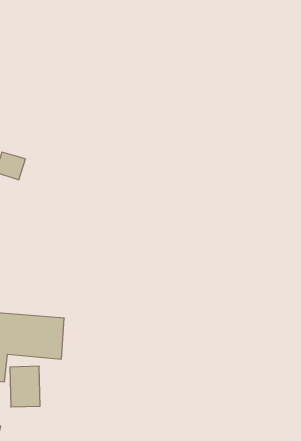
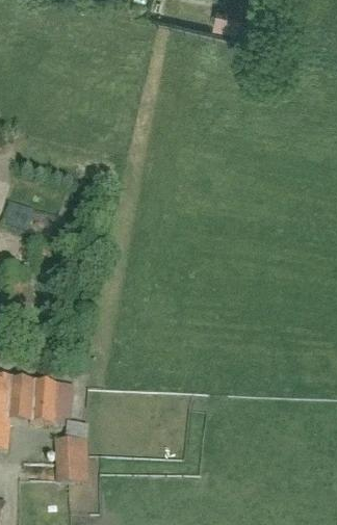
building: [10,366,40,407] -> [54,436,87,480]

